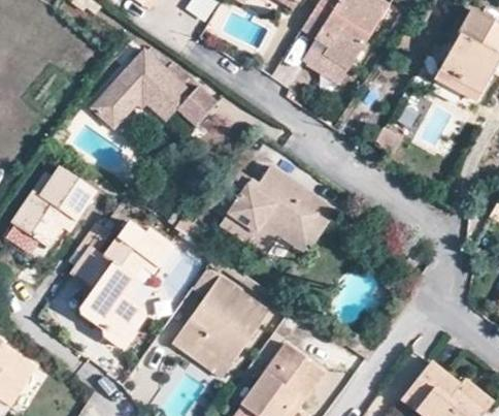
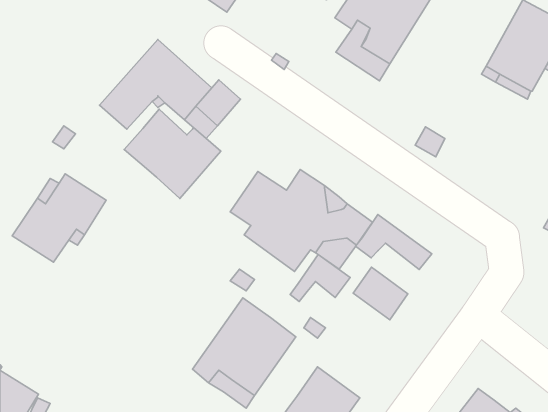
building: none -> [124,109,221,198]
building: none -> [356,215,432,269]
building: [69,223,173,349] -> none
building: none -> [290,254,350,301]
building: none -> [353,267,408,320]

